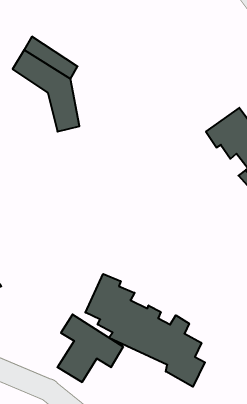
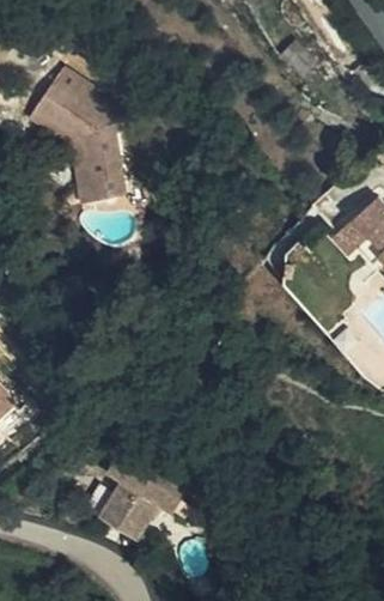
building: none -> [36,122,105,210]
building: [85,274,205,387] -> none

